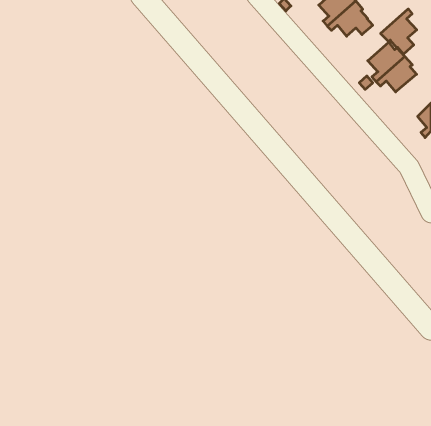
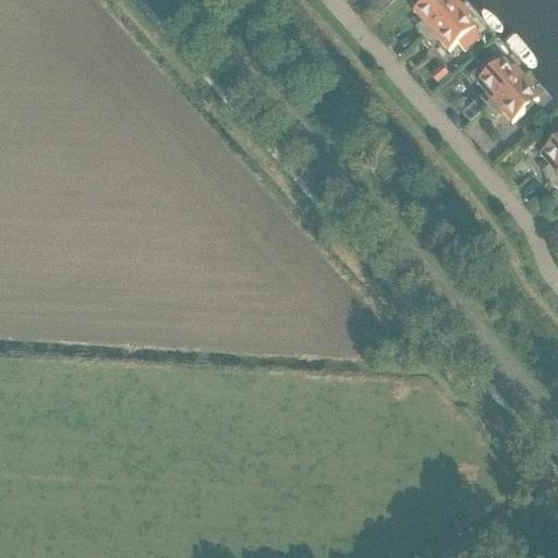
building: [381,9,417,54] -> none

